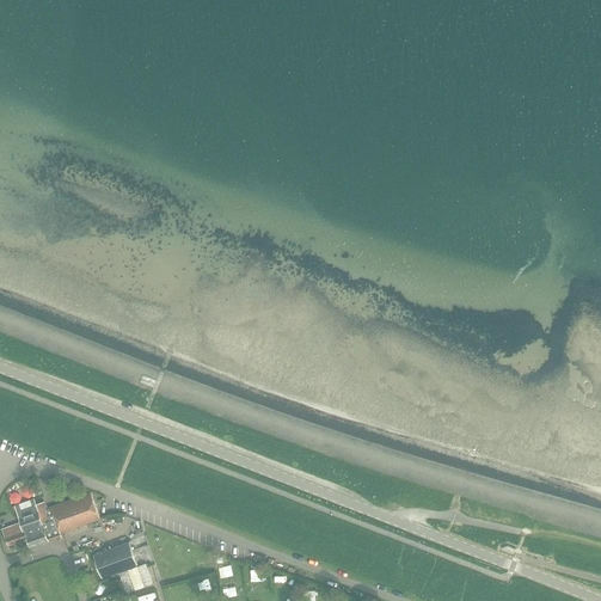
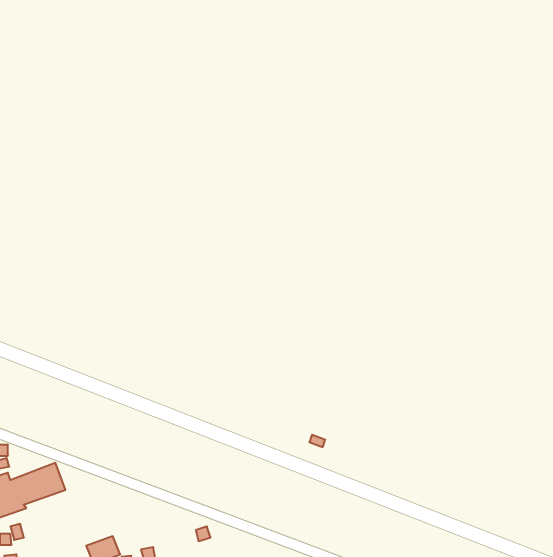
building: [91,541,135,577] -> none

